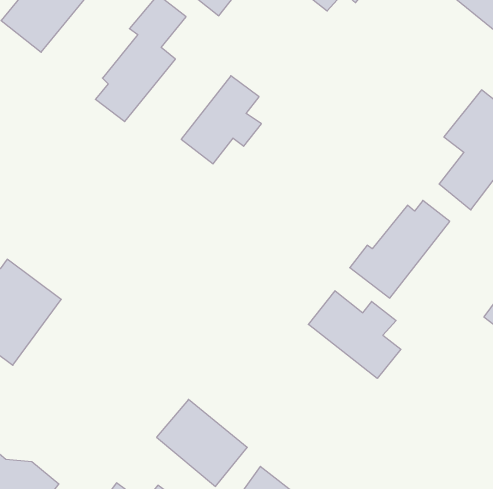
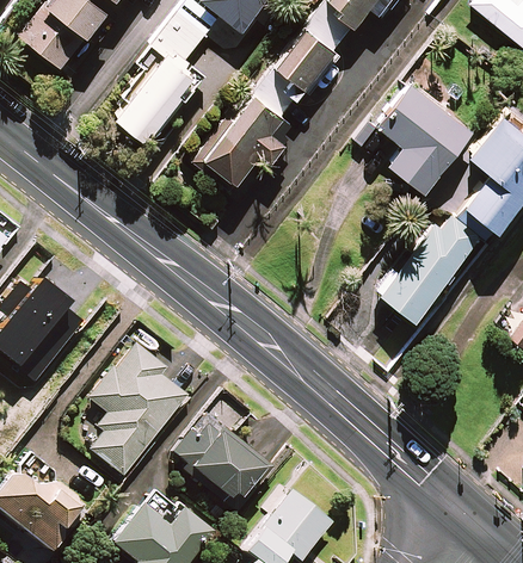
building: none -> [278,27,338,99]
building: none -> [379,68,473,190]
building: [308,291,401,378] -> none
building: none -> [90,344,185,476]

